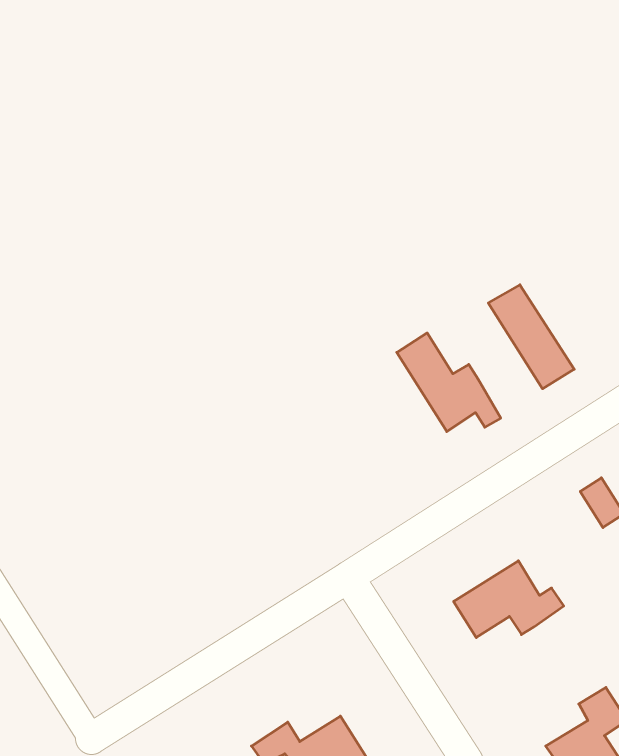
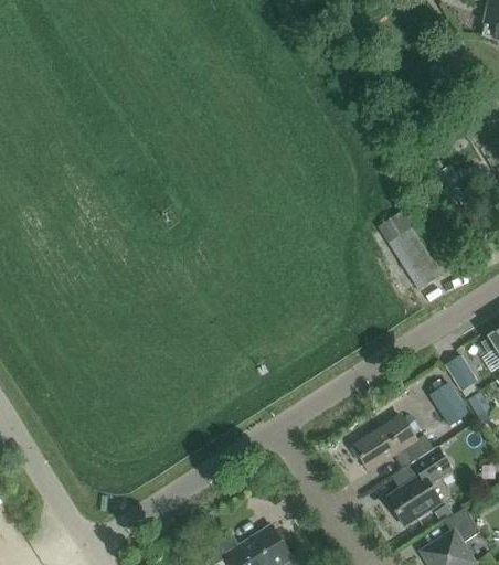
building: [397,333,501,432] -> none
building: none -> [429,384,468,427]
building: none -> [385,448,452,526]

